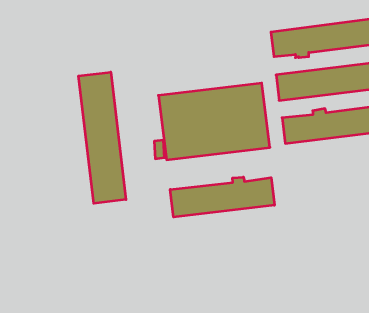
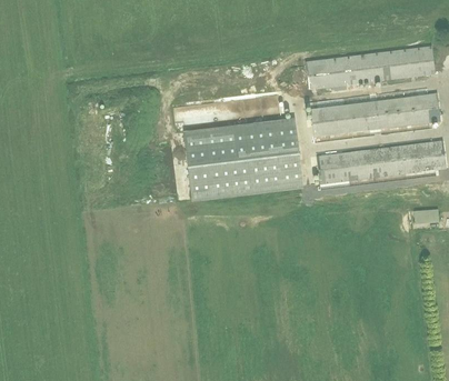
building: [79,72,126,203] -> none
building: [170,177,274,217] -> none

